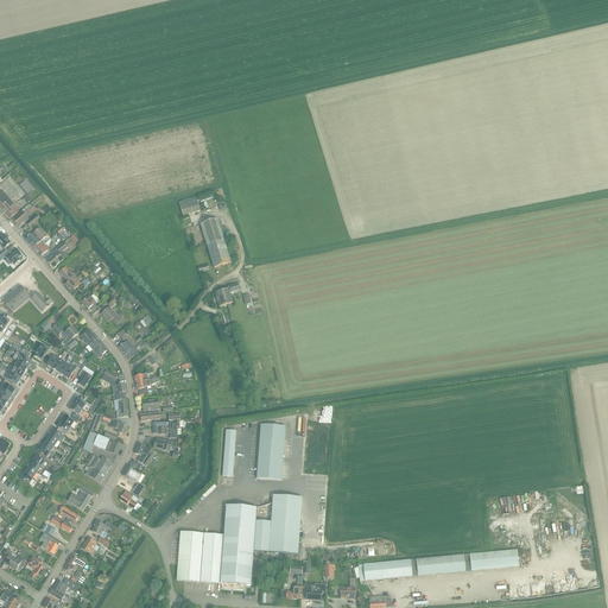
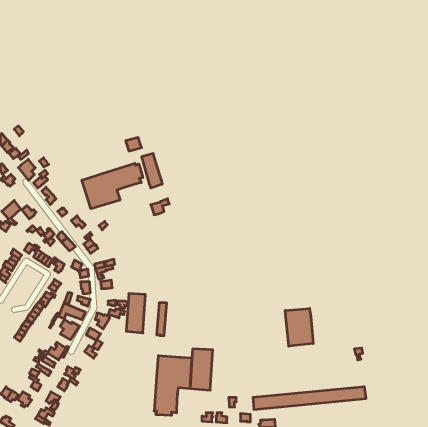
building: none -> [82,163,143,209]
building: [256,423,284,479] -> [126,294,145,333]
building: none -> [285,308,313,346]
building: [177,530,222,582] -> none

